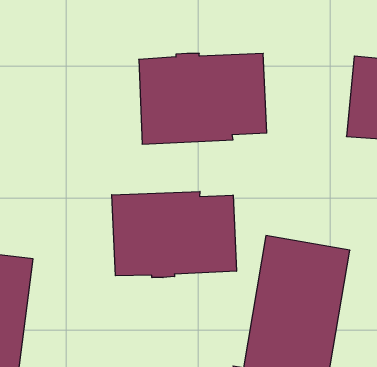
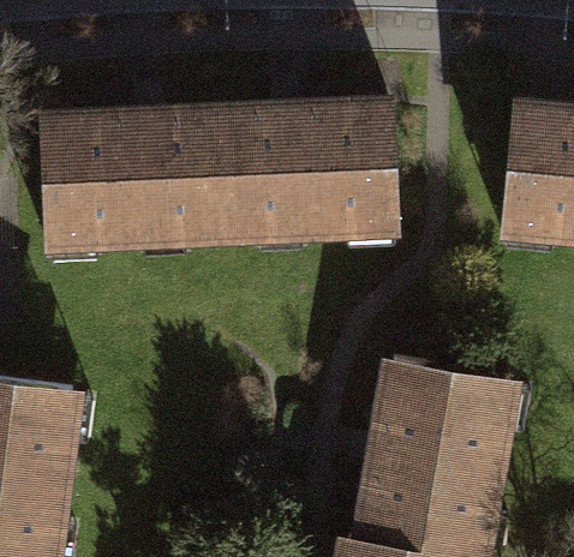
building: none -> [44,114,225,240]
building: [112,191,236,278] -> none

